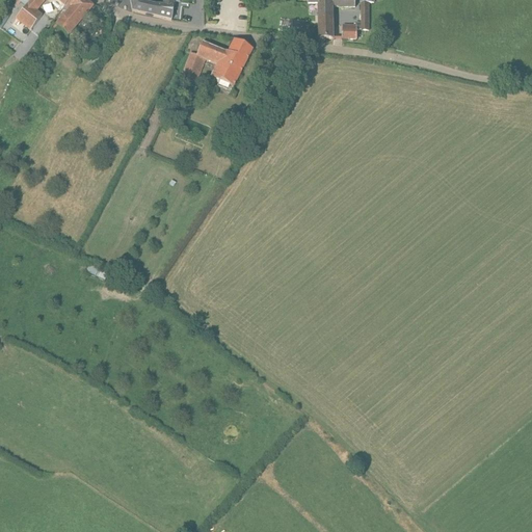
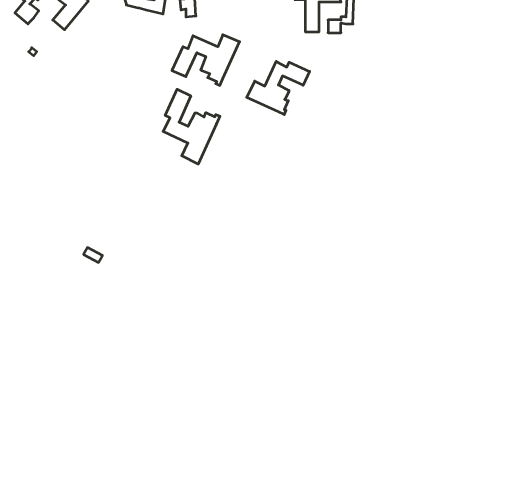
building: none -> [247,61,310,115]
building: none -> [163,89,220,164]

